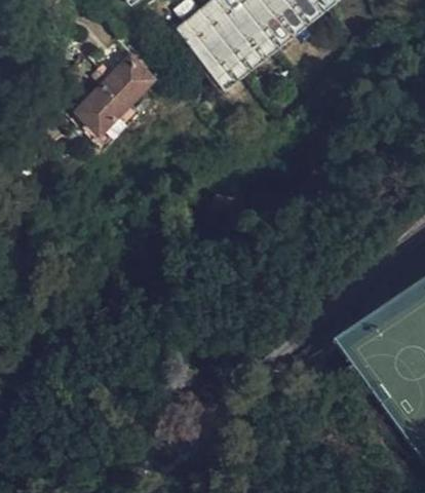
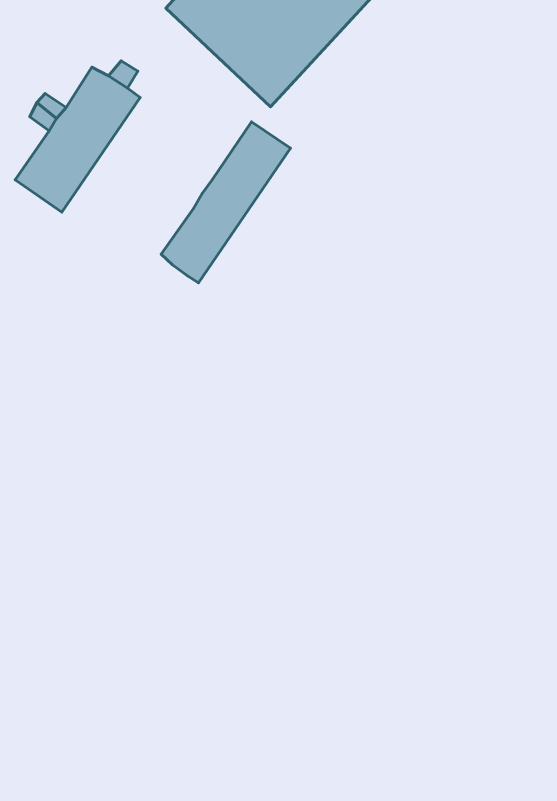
building: none -> [161,122,290,283]

